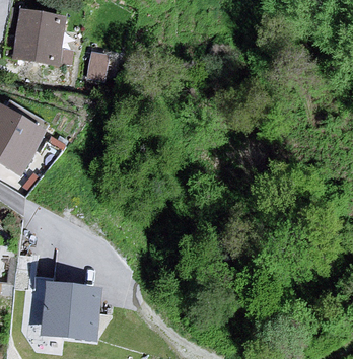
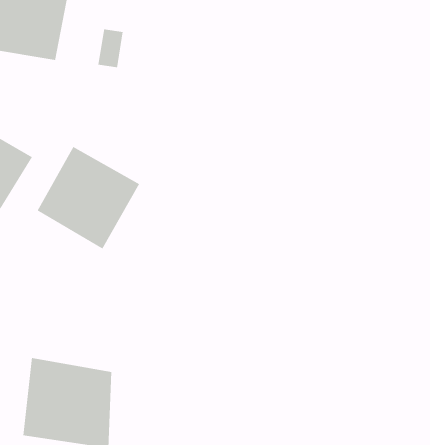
building: none -> [37,146,140,249]

